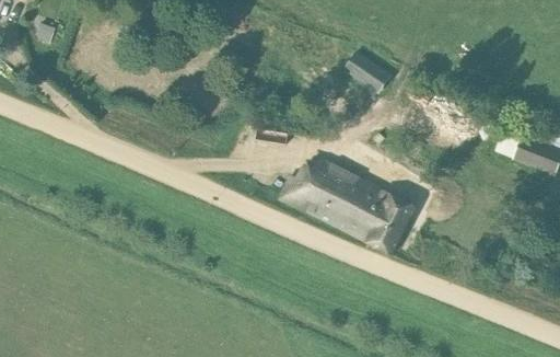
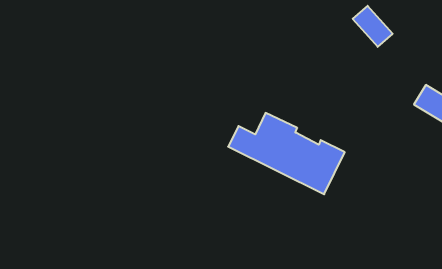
building: [345,46,392,94] -> [353,6,393,47]

